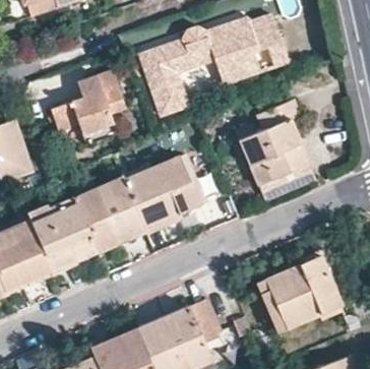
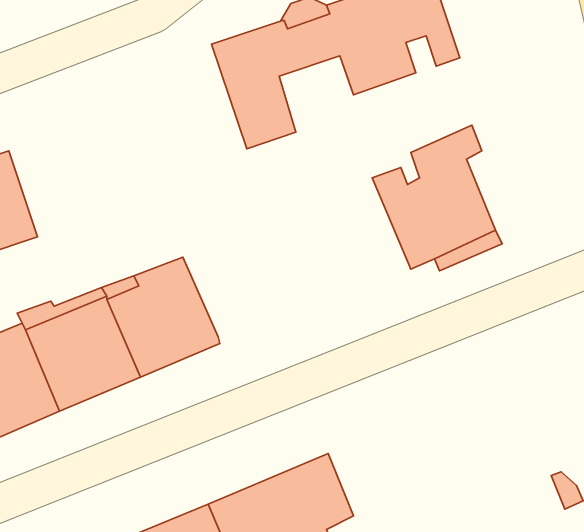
building: [49,69,125,145] -> none
building: [121,157,199,231] -> none
building: [263,257,347,331] -> none

